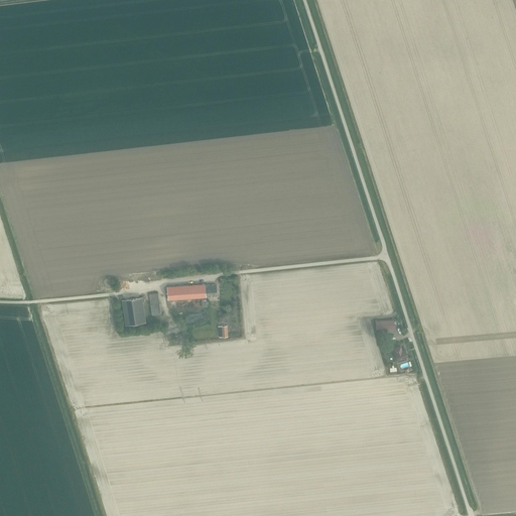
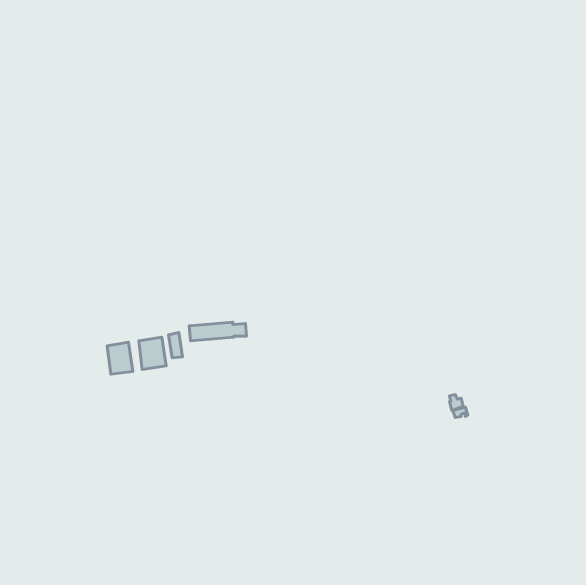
building: none -> [107,342,133,374]

